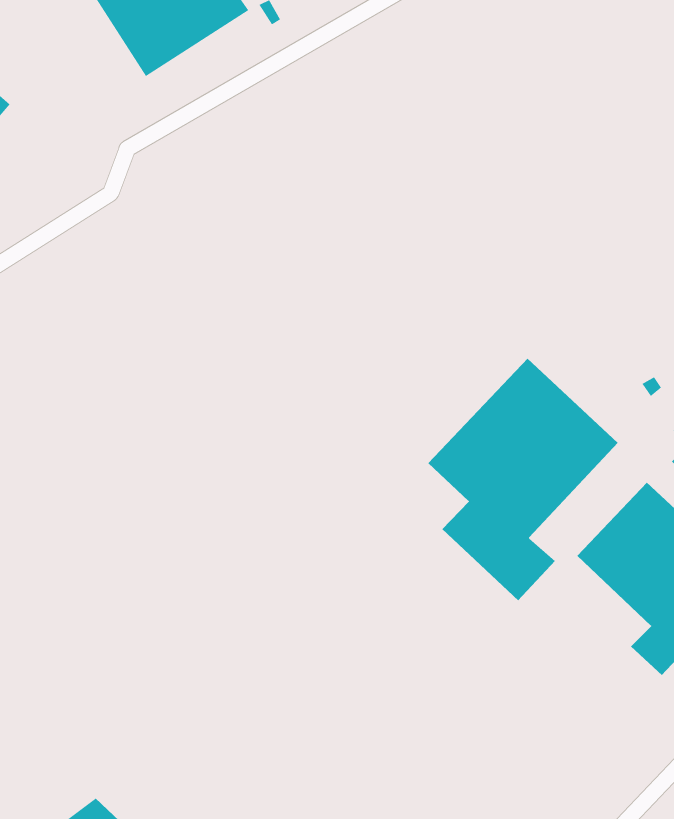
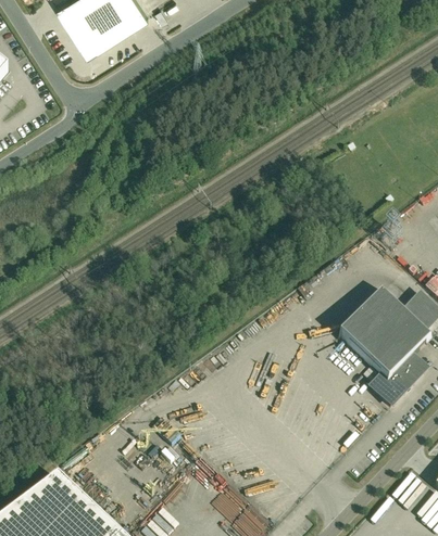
building: [428,358,618,601] -> none

